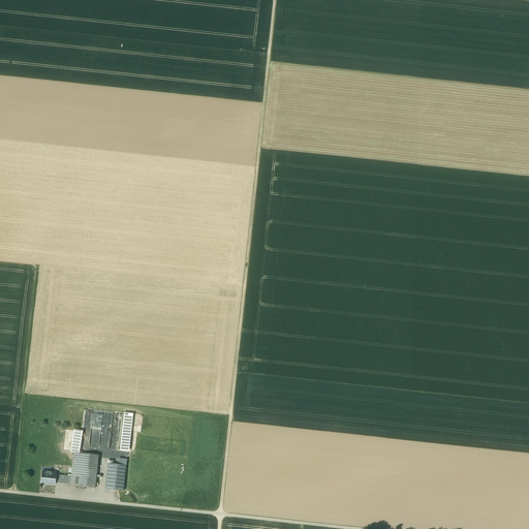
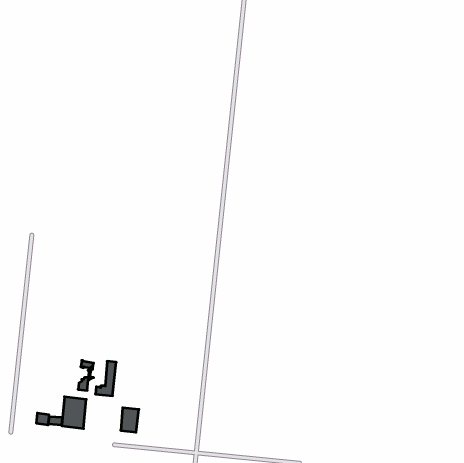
building: [105,463,126,491] -> [121,408,139,432]

